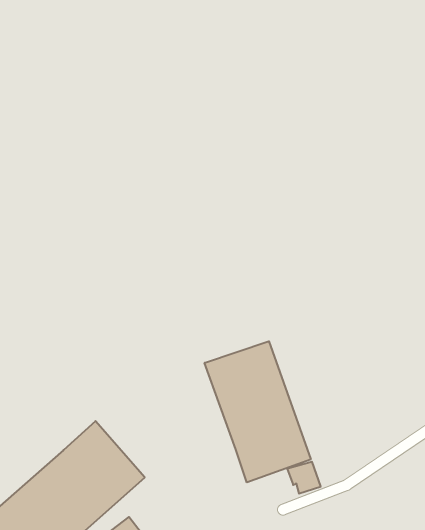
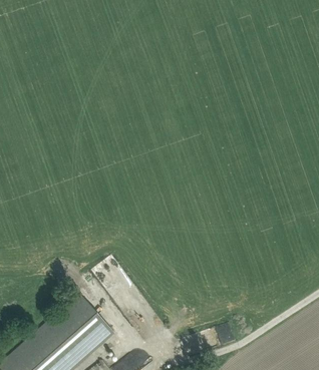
building: [205,341,311,482] -> none

